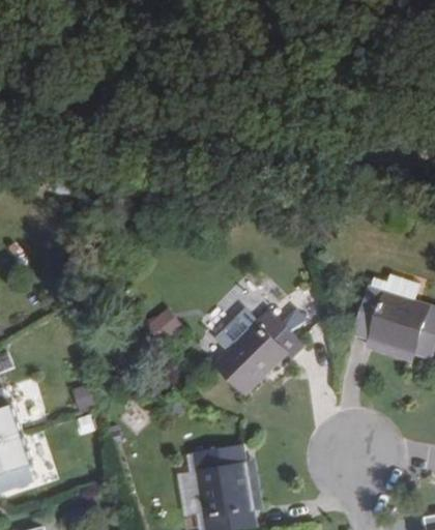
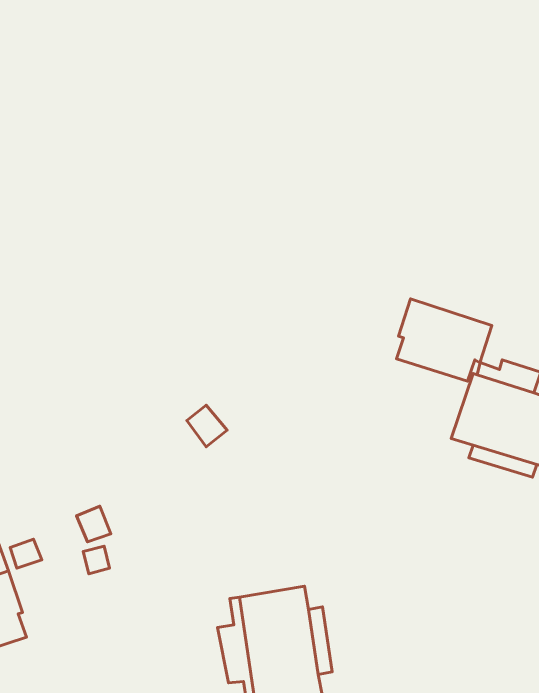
building: none -> [396,299,492,381]
building: [214,310,306,394] -> none

